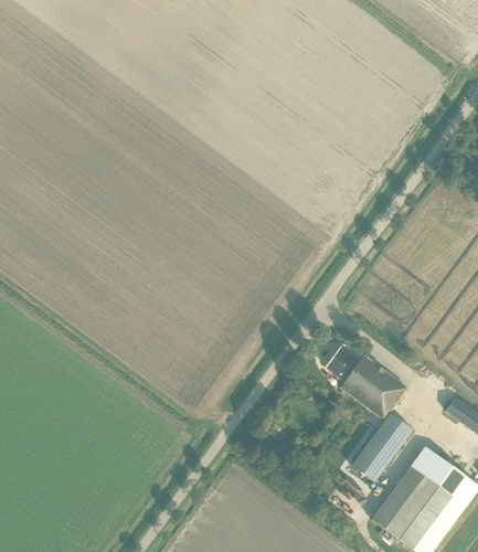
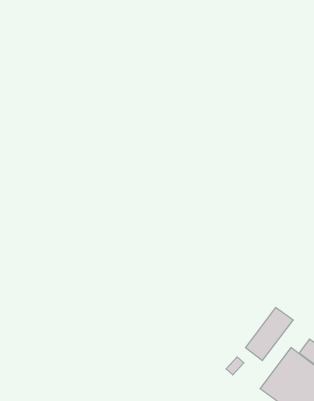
building: [326,347,405,417] -> none

